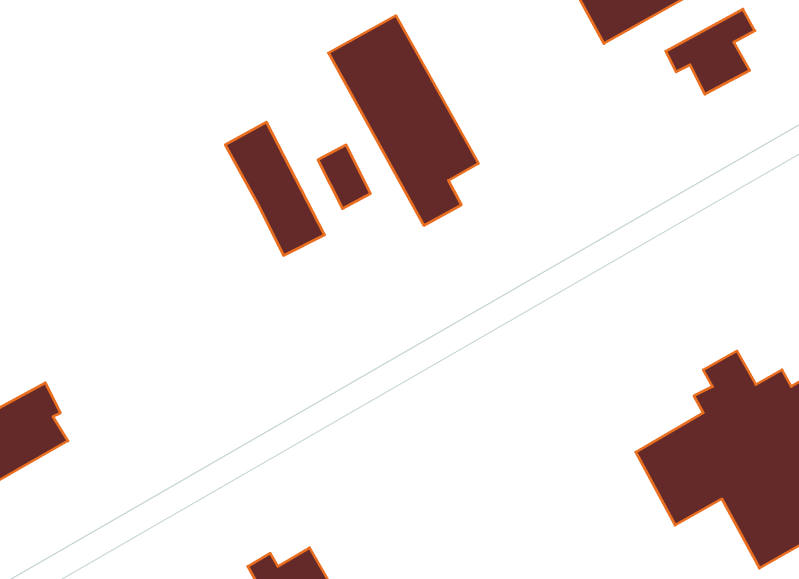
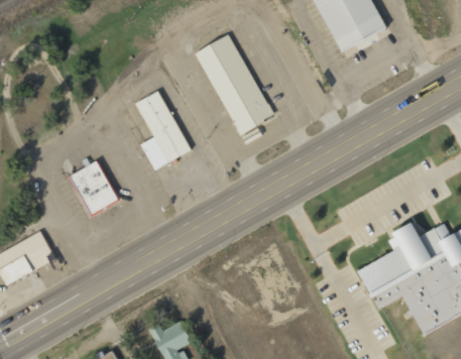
building: [666,9,755,94] -> none
building: [318,145,370,209] -> [140,137,168,171]
building: none -> [70,160,120,215]

